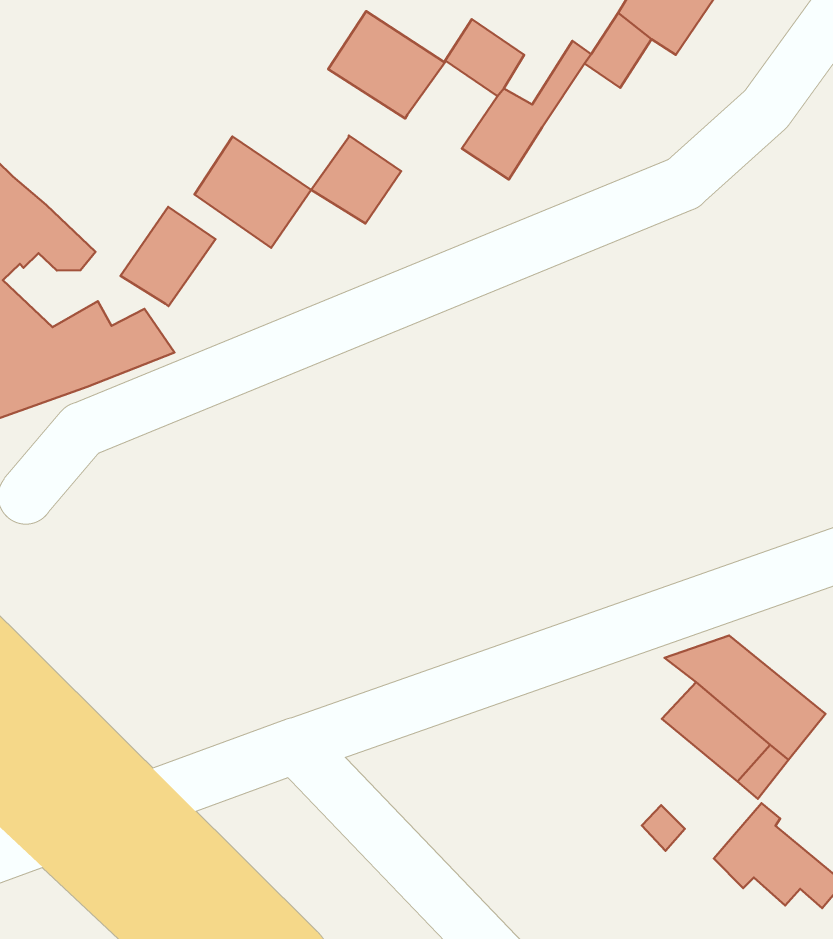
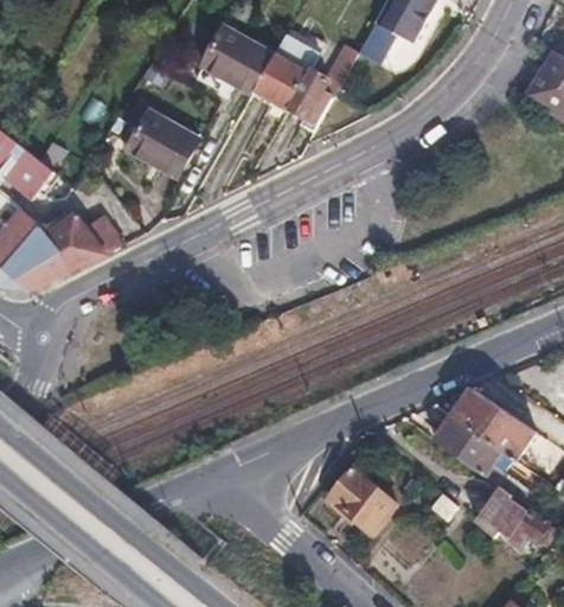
building: [311,136,401,224] -> [252,55,306,107]
building: [120,207,215,306] -> none
building: none -> [328,469,395,535]

